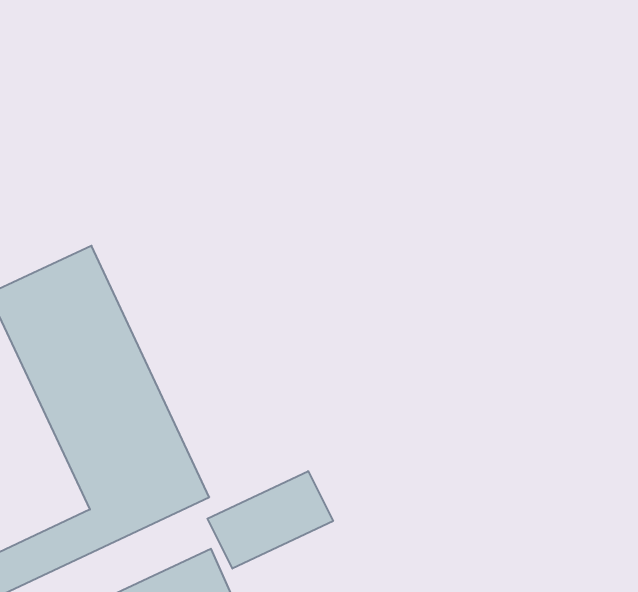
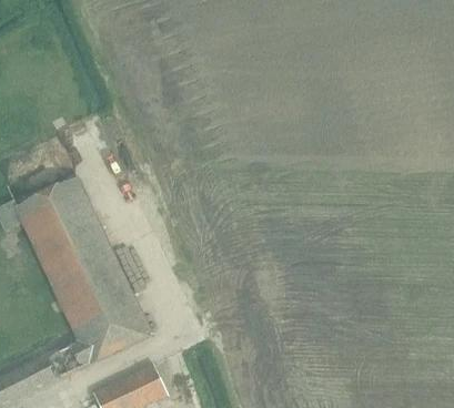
building: [207,471,333,569] -> none

